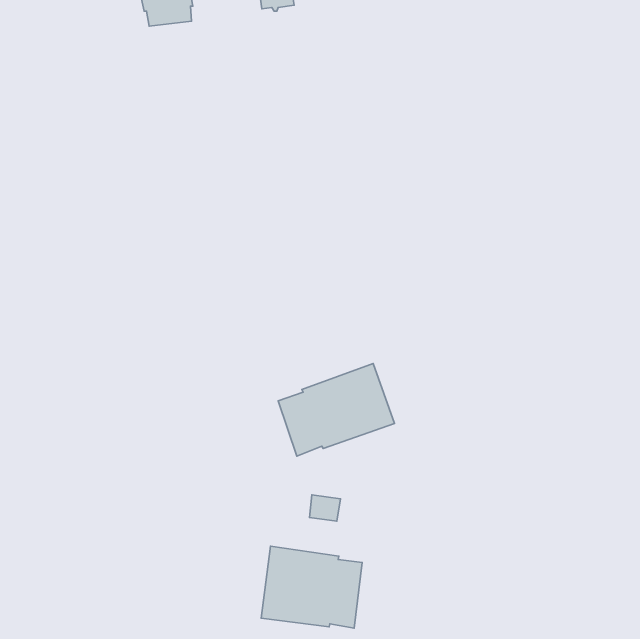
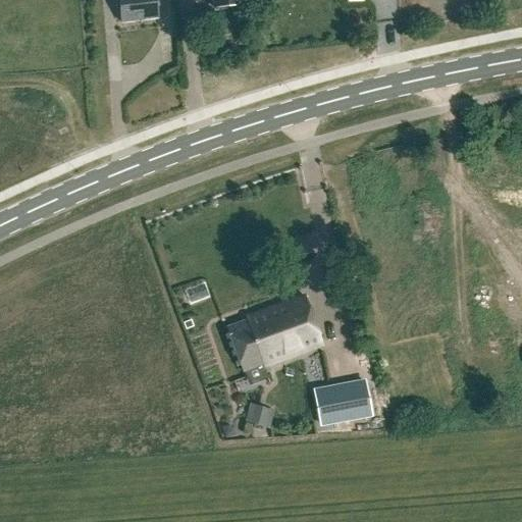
building: none -> [314,380,370,426]
building: [261,546,362,628] -> none

